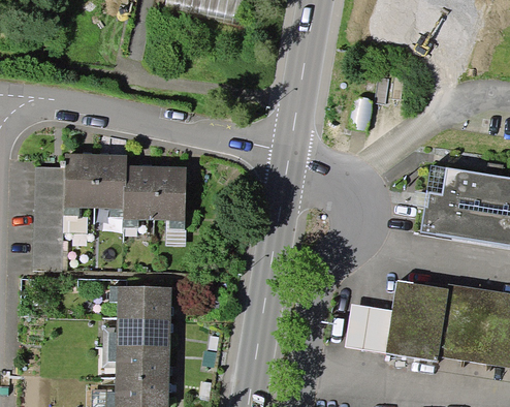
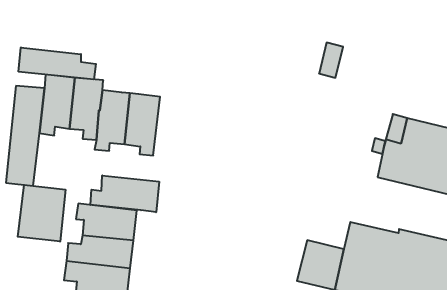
building: none -> [19,47,96,79]
building: none -> [91,175,159,212]
building: none -> [18,185,65,242]

